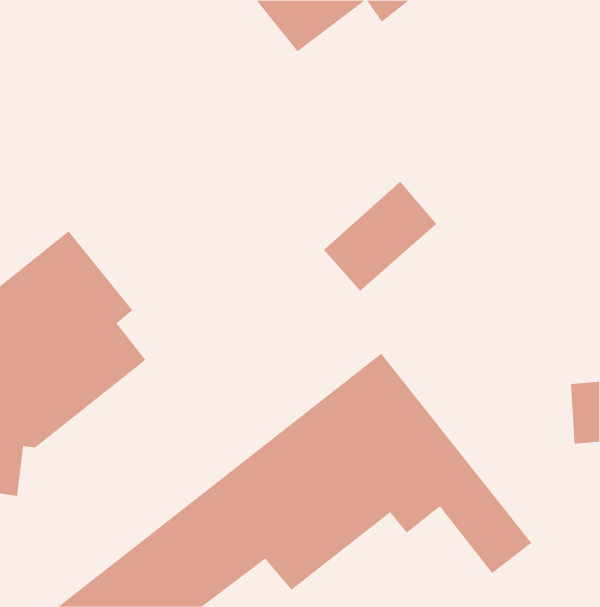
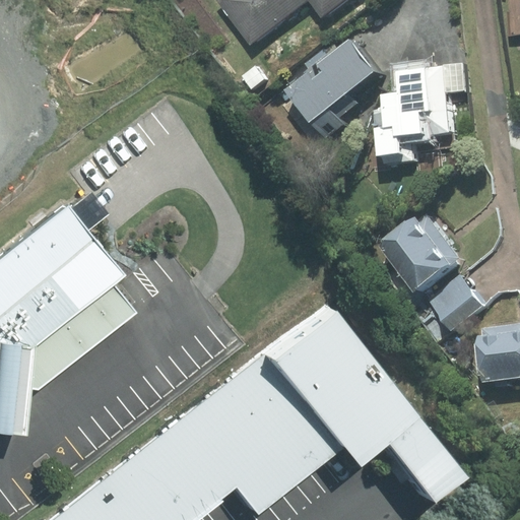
building: none -> [383,62,468,165]
building: [323,181,437,291] -> [291,35,389,129]
building: none -> [383,211,486,331]

